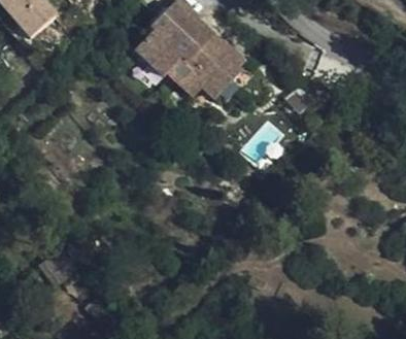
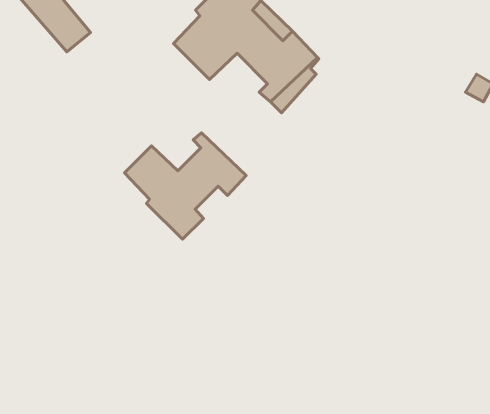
building: none -> [124,133,246,239]

